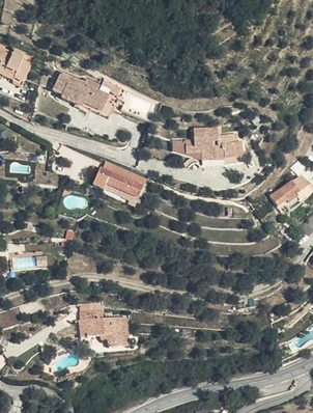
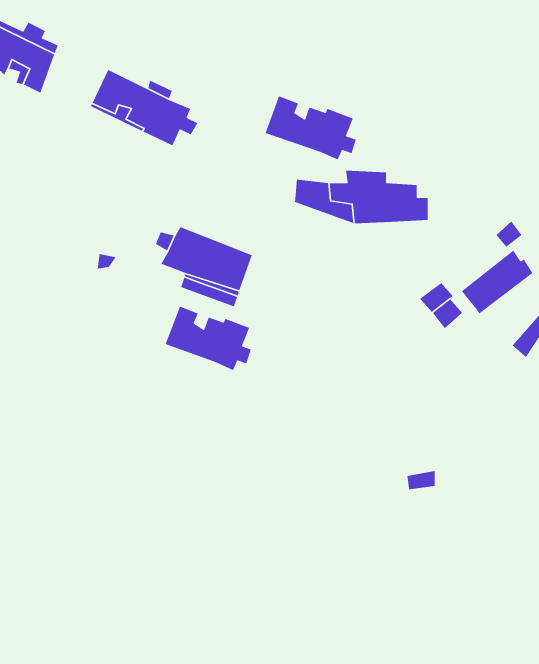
building: none -> [264,95,357,160]
building: none -> [164,305,252,371]
building: [80,307,129,346] -> none

